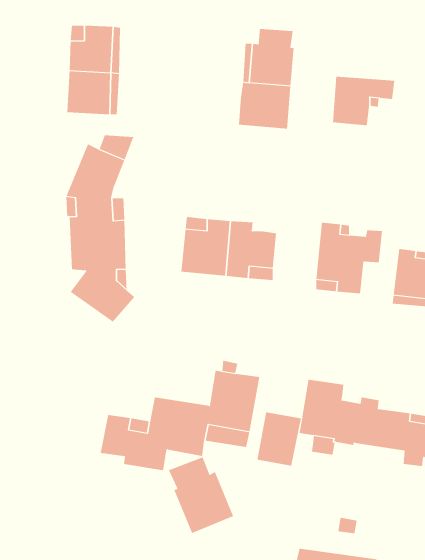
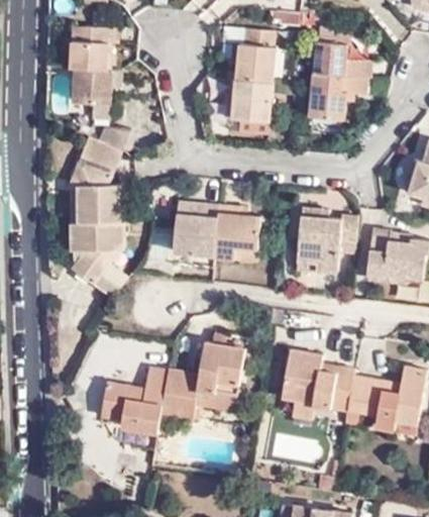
building: none -> [313,42,371,78]
building: [257,411,301,467] -> none
building: [168,456,234,534] -> none

